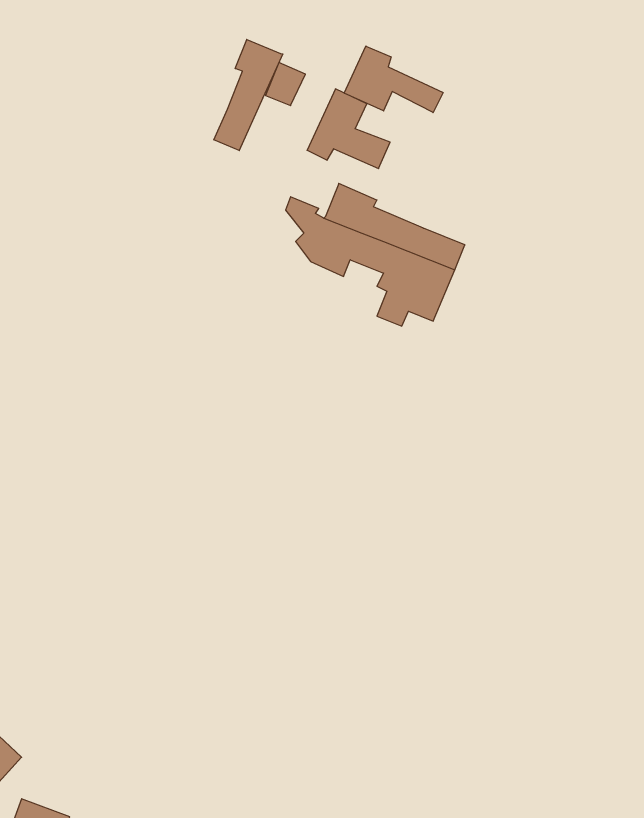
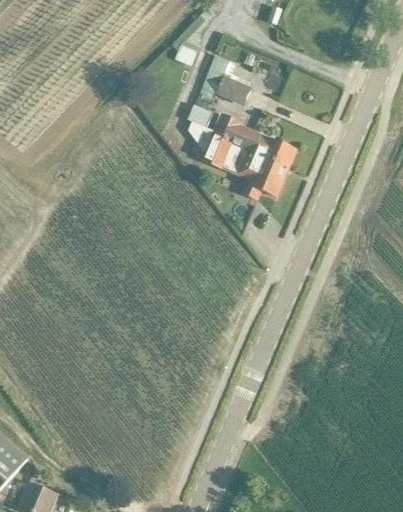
building: [214,39,283,151] -> none
building: [344,46,443,113] -> none

